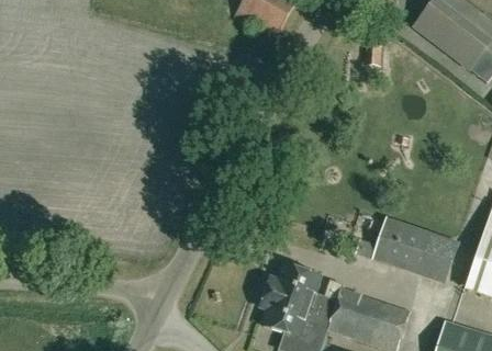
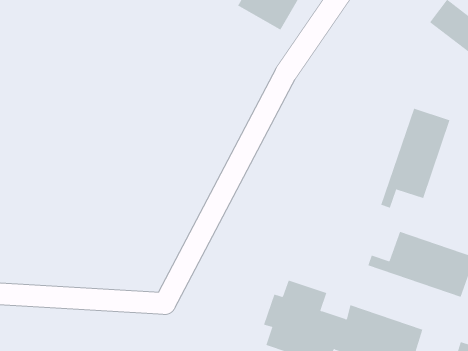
building: none -> [381,108,450,209]

